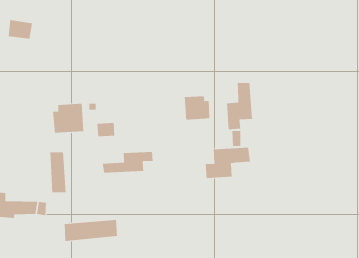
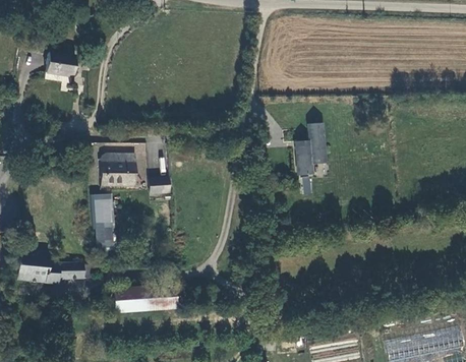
building: [184,95,210,121] -> none
building: [205,147,251,179] -> none
building: [102,151,153,173] -> none

